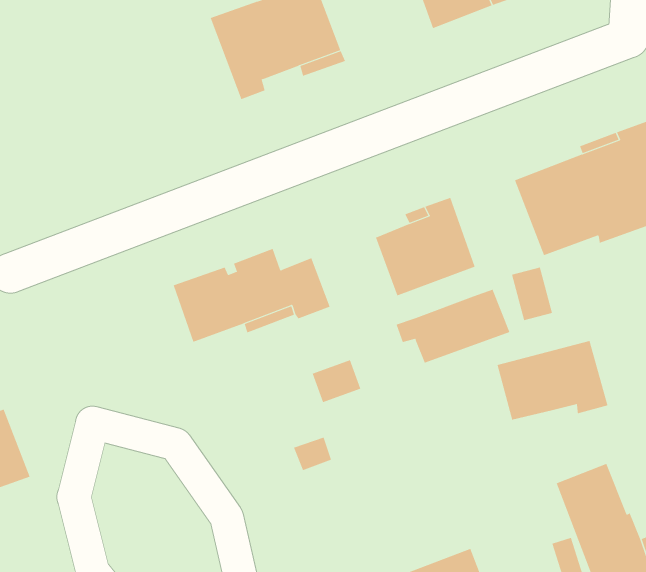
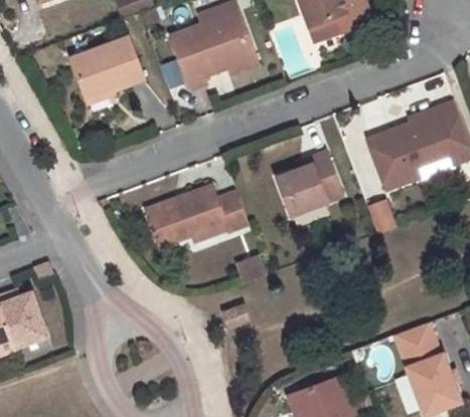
building: none -> [69,36,142,99]
building: [396,289,510,363] -> none
building: [497,340,608,420] -> none

